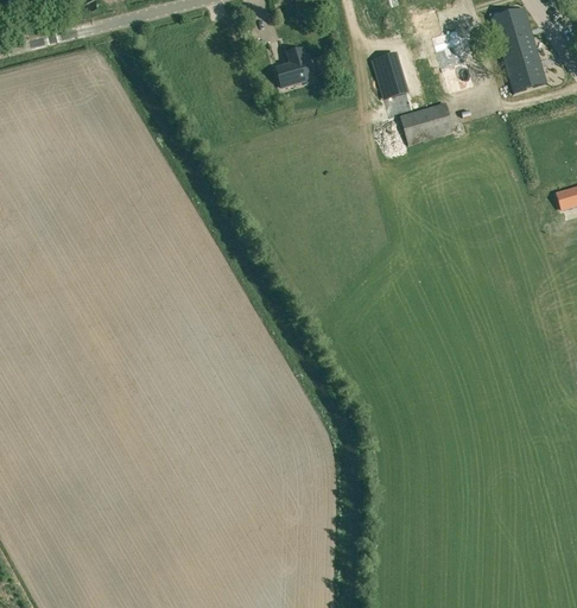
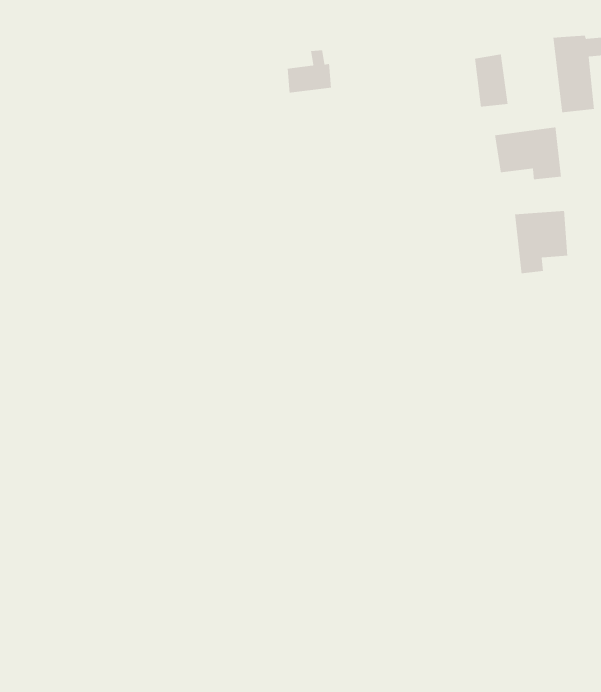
building: [275,49,312,87] -> [287,49,332,94]
building: none -> [514,210,568,274]

